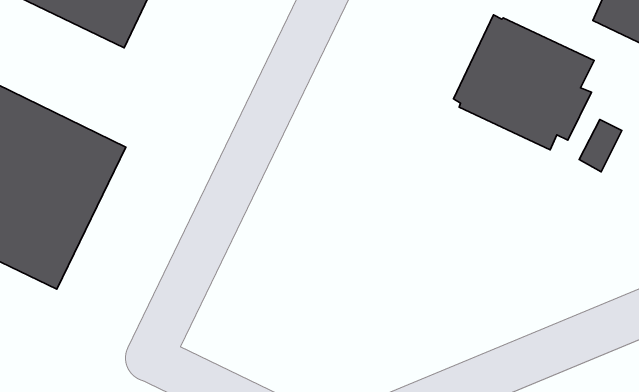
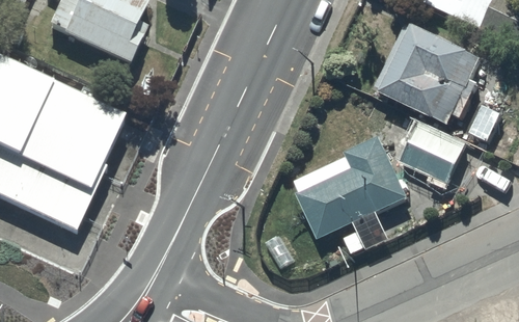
building: none -> [398,119,465,184]
building: none -> [293,136,408,252]

